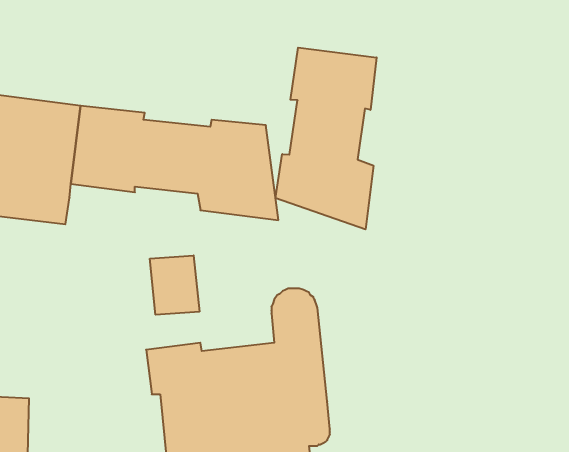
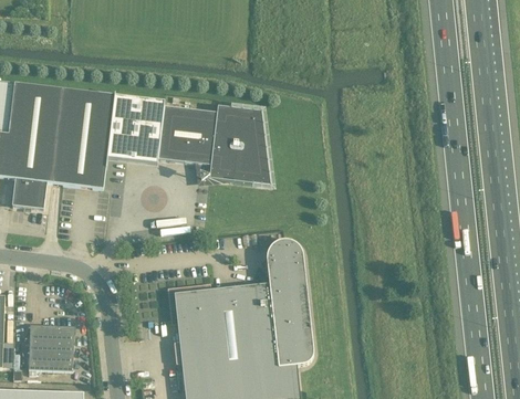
building: [276,48,377,229] -> none
building: [150,255,199,315] -> none

